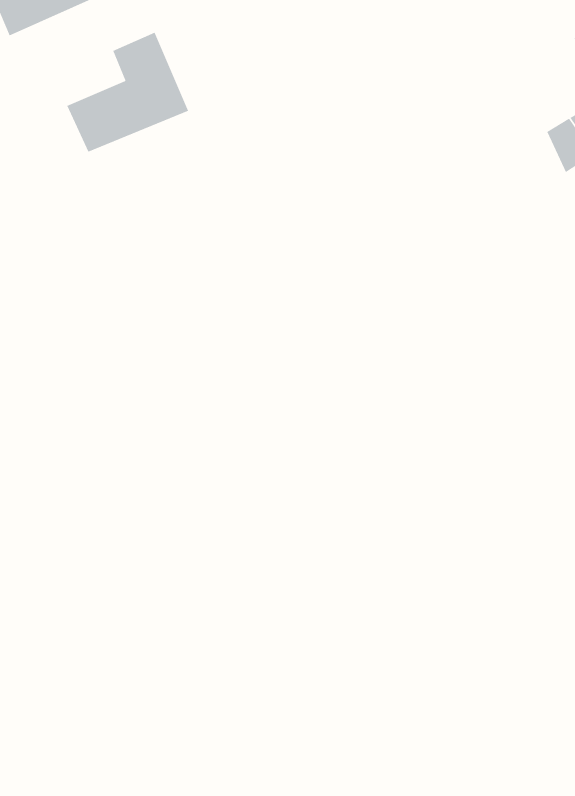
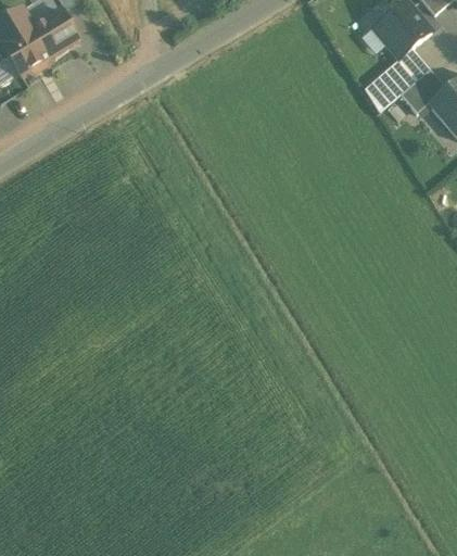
building: [67,32,189,153] -> none

